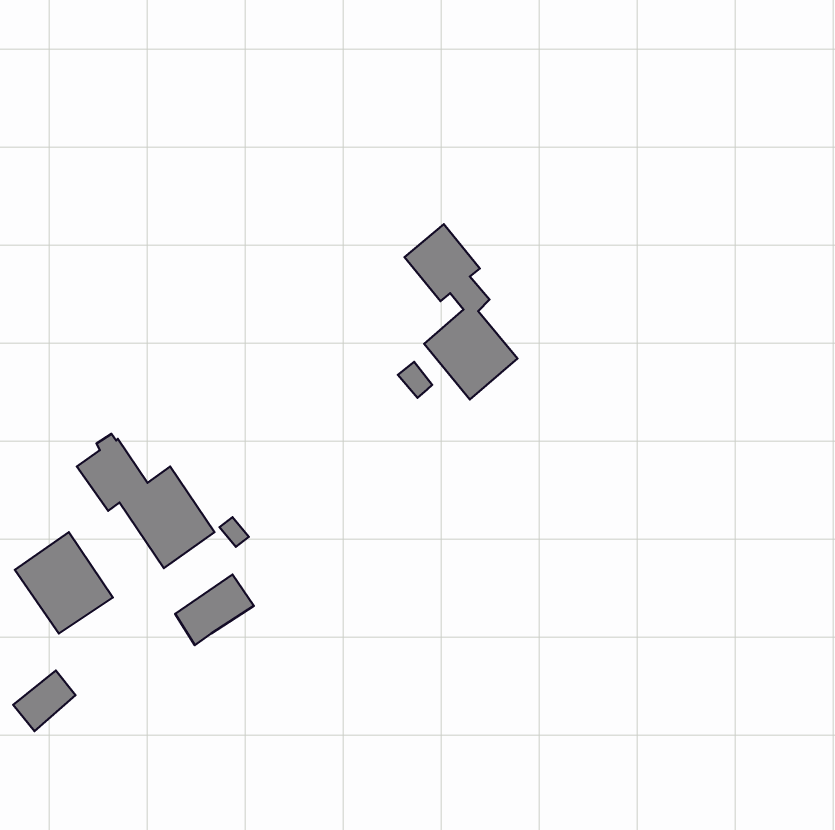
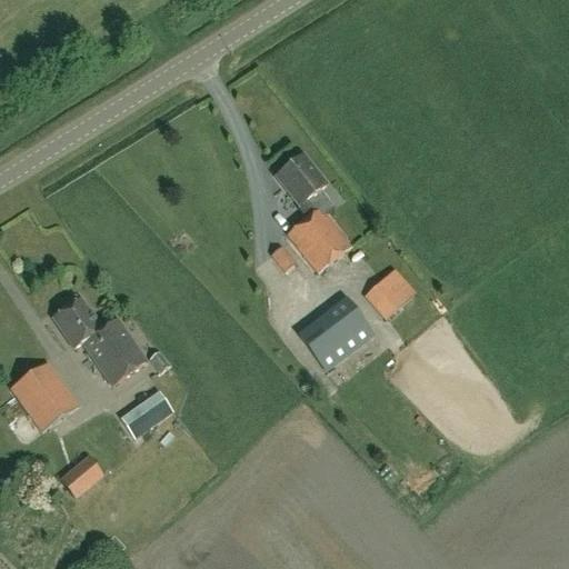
building: none -> [366,270,420,317]
building: none -> [299,299,371,367]
building: [13,670,75,731] -> [59,456,101,497]

